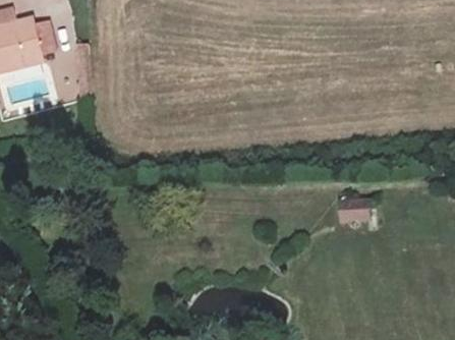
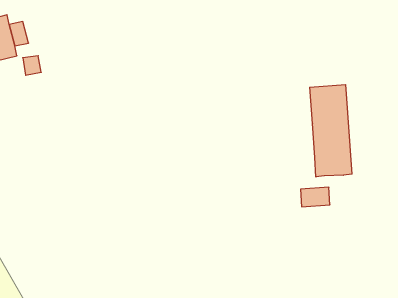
building: none -> [310,85,352,177]

